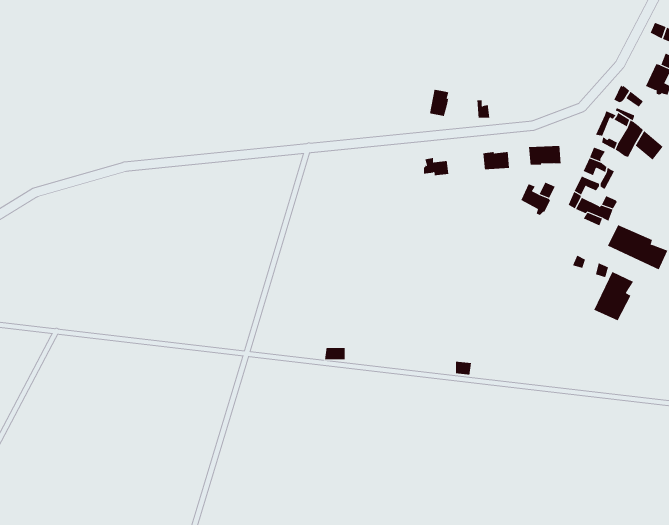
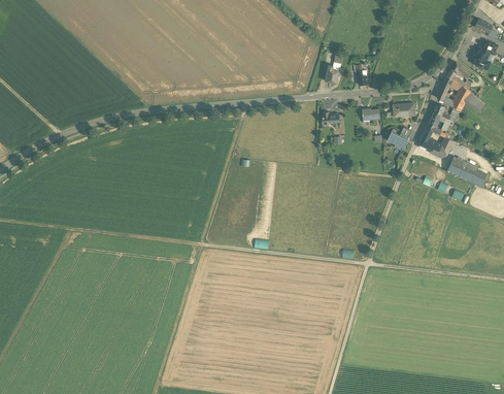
building: [594,271,634,321] -> none

